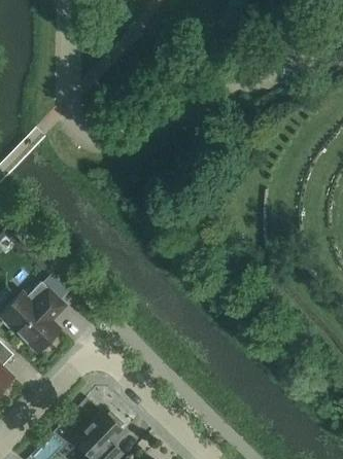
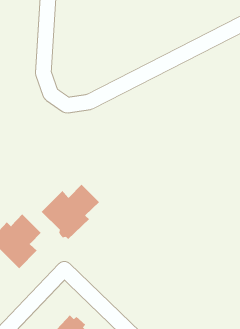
building: none -> [41,184,100,240]

